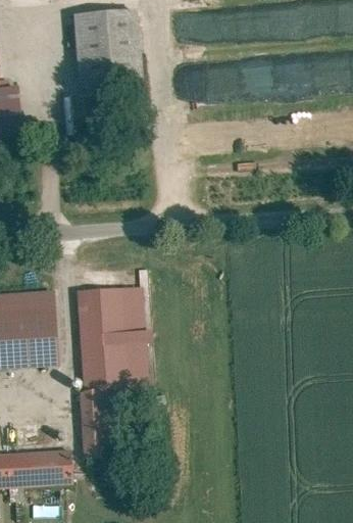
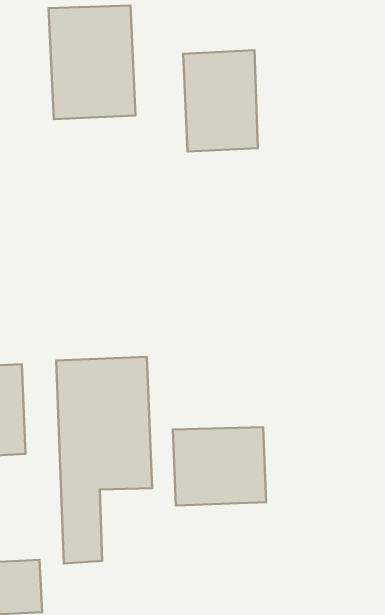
building: none -> [183,50,258,152]
building: none -> [173,427,266,505]

